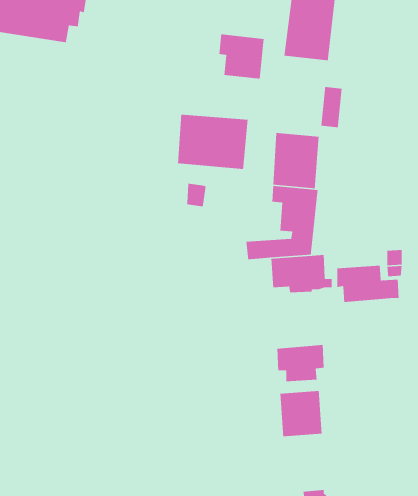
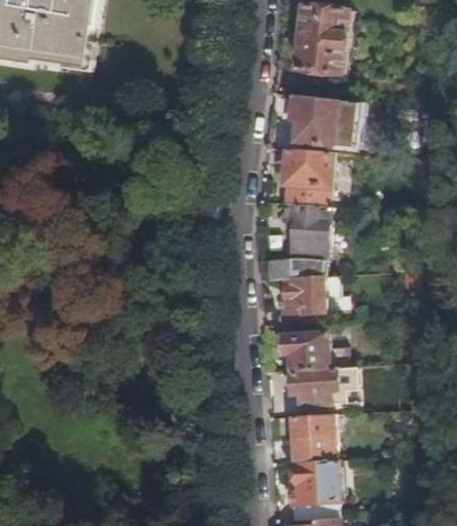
building: [218,33,264,79] -> [289,97,336,144]
building: [177,114,248,170] -> none
building: [337,265,400,303] -> [279,332,344,371]
building: none -> [288,459,340,503]

